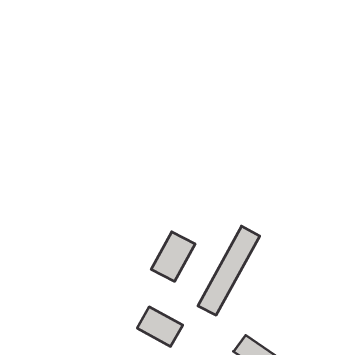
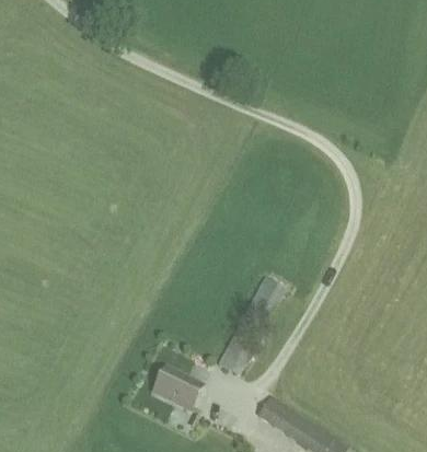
building: [151,232,195,281] -> none

